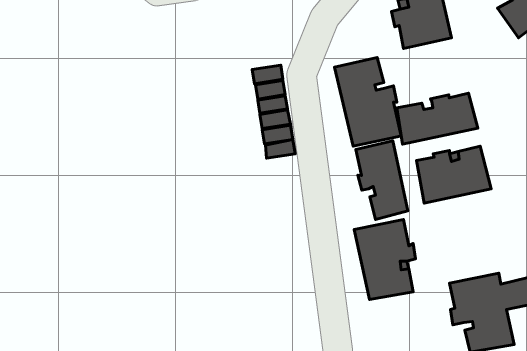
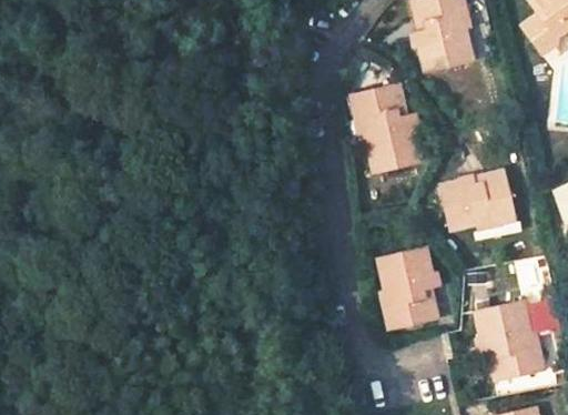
building: [397,93,478,144] -> none
building: [356,141,408,219] -> none

